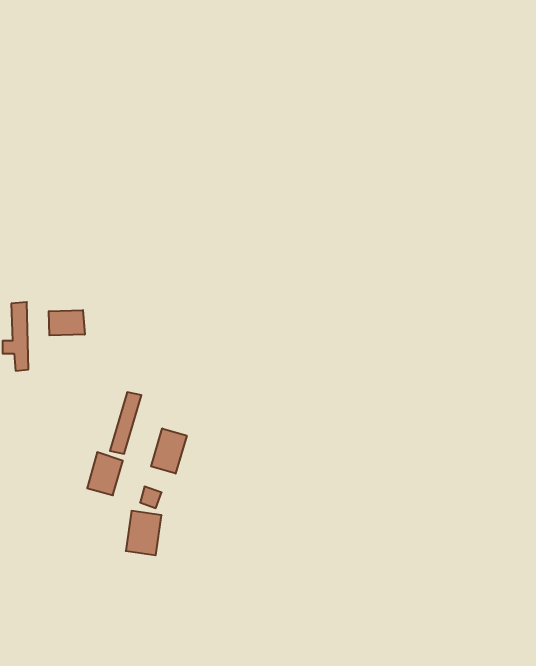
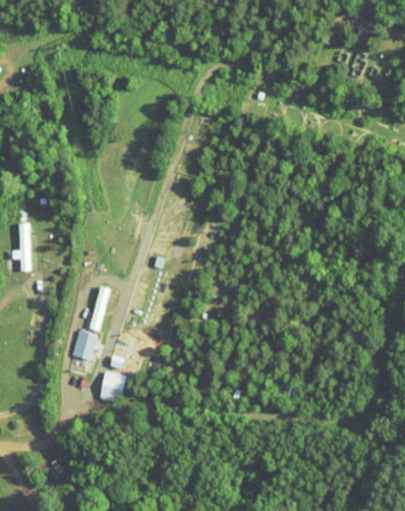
building: [49,310,85,335] -> none
building: [151,428,187,474] -> none

